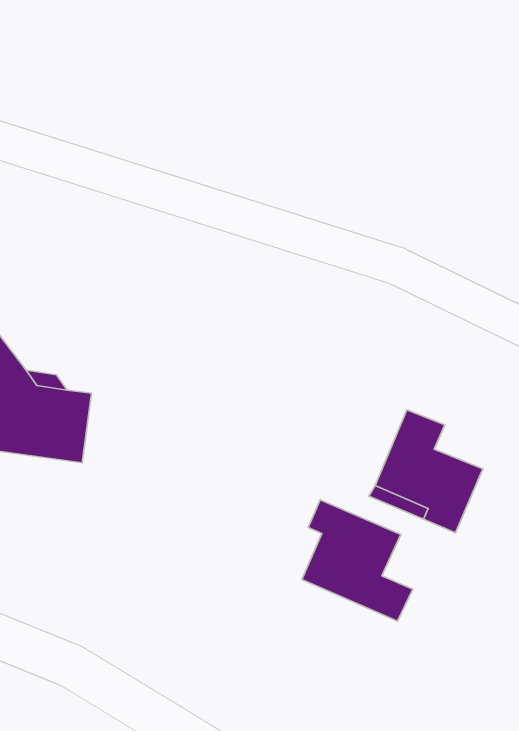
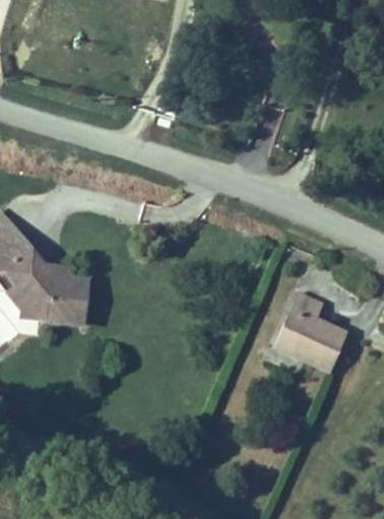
building: [302,500,413,621] -> none

